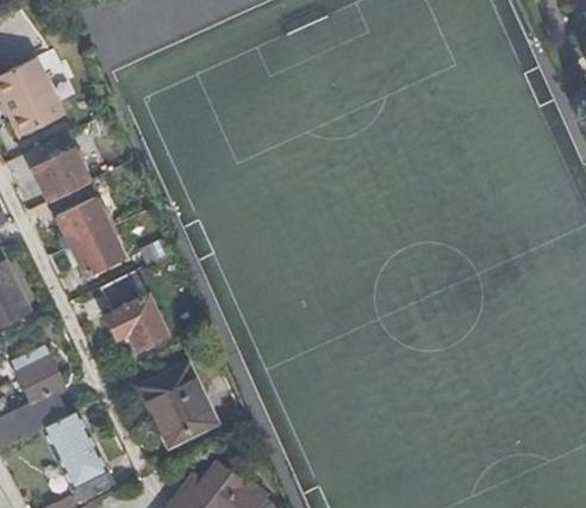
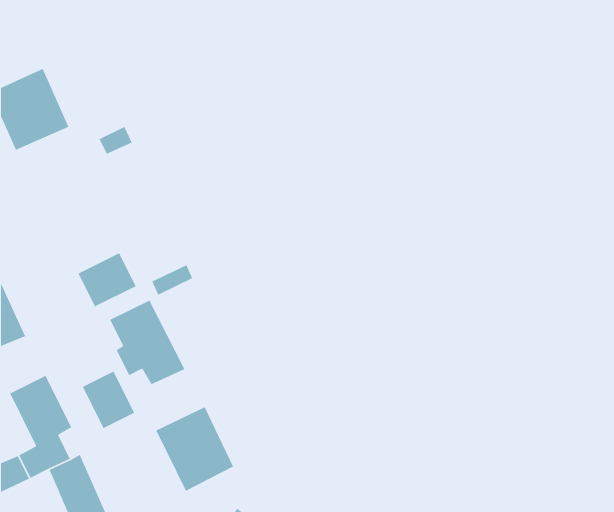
building: [33,150,91,204] -> none
building: [56,199,110,248] -> none
building: none -> [82,371,135,429]

